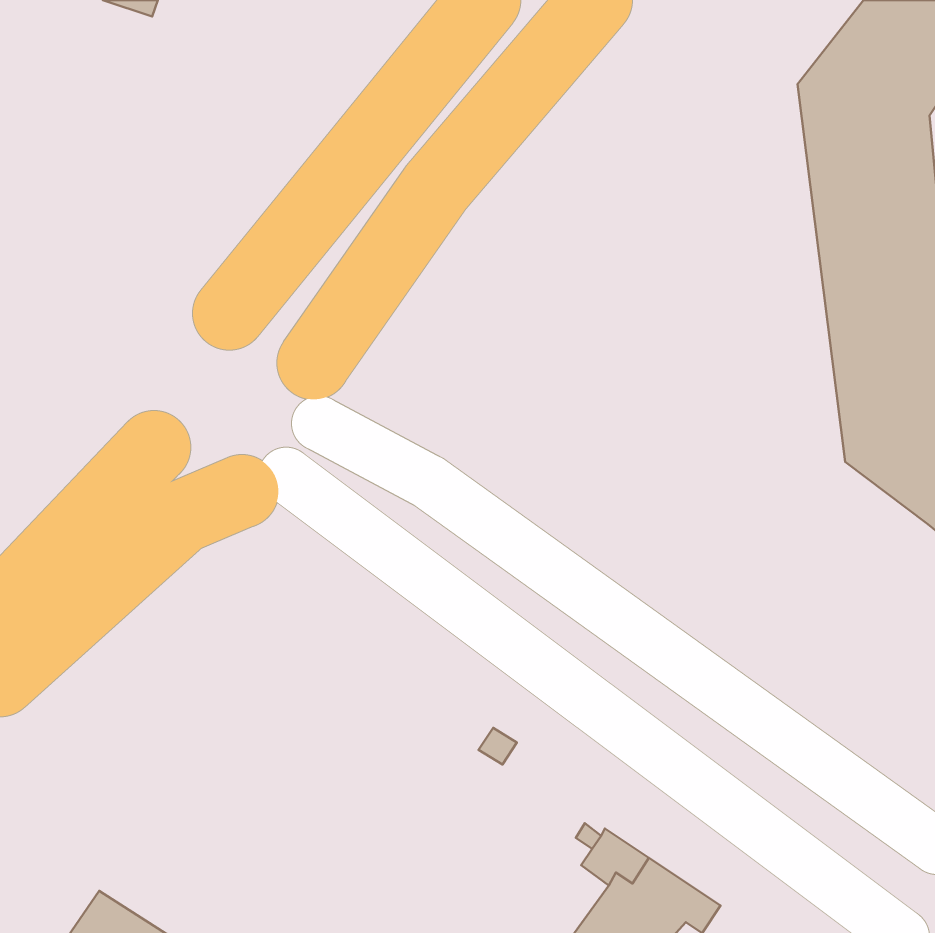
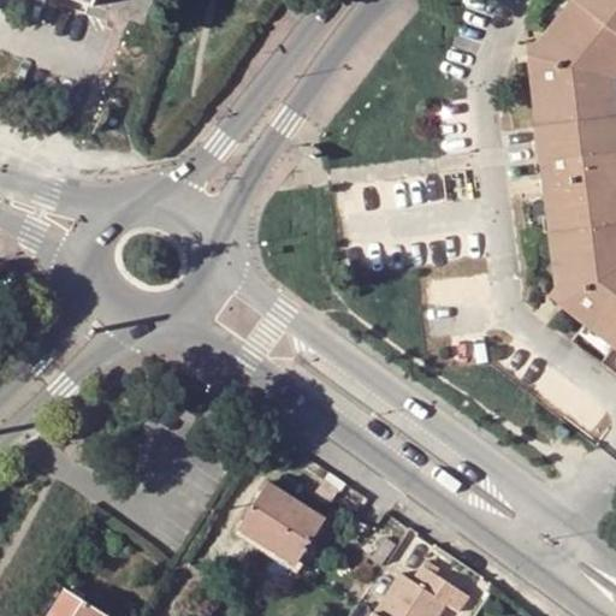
building: none -> [242,481,327,559]

